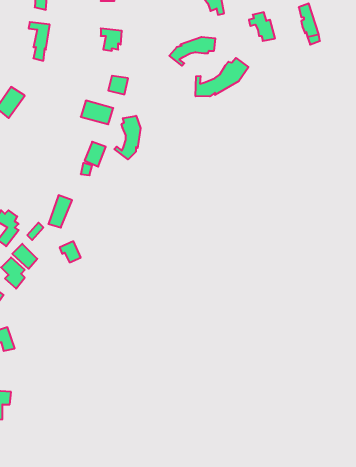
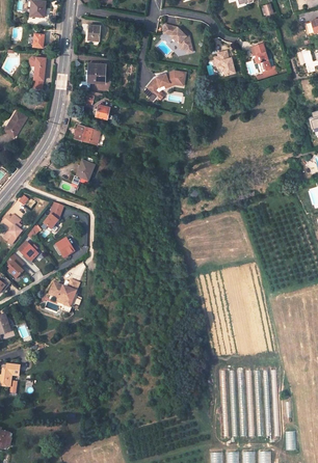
building: [196,58,248,96] -> none
building: [114,116,141,159] -> none
building: none -> [48,281,78,309]

